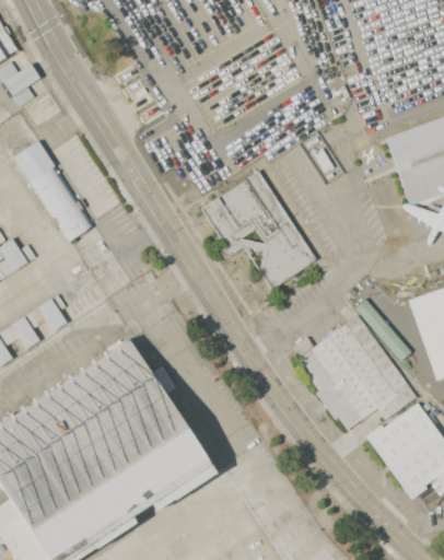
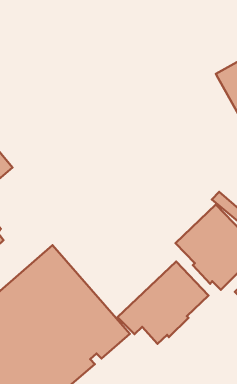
building: [201,171,316,289] -> none
building: none -> [117,261,209,344]

